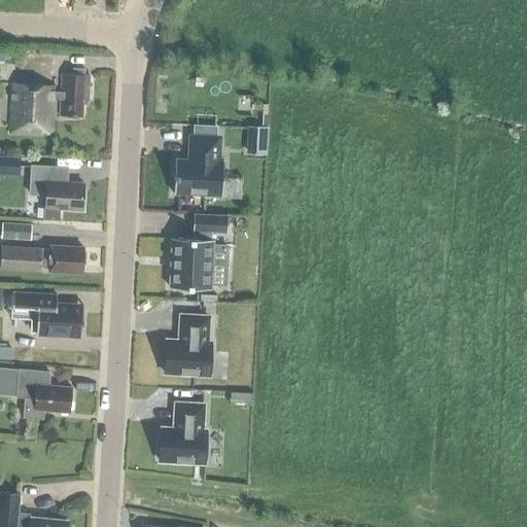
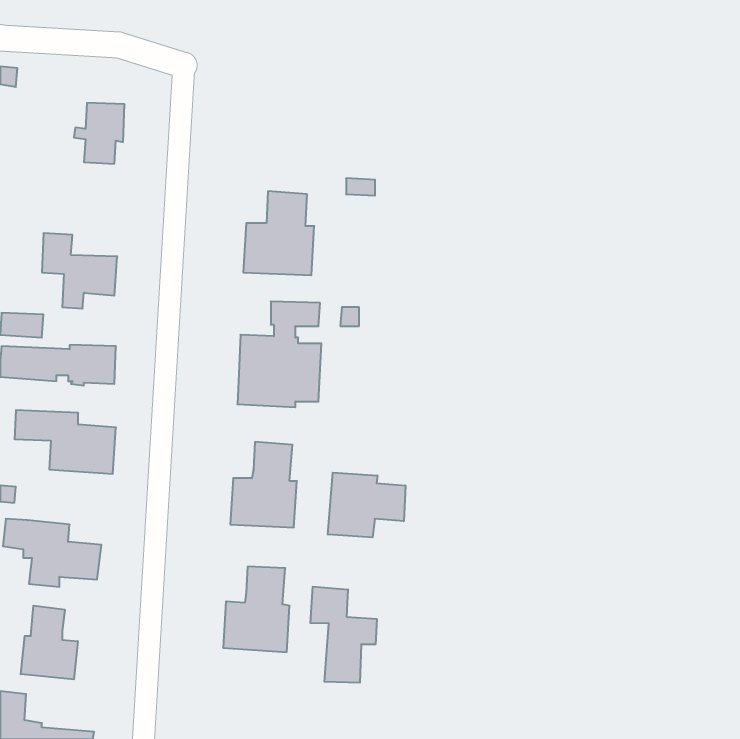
building: [9,81,54,135] -> none
building: none -> [328,473,405,537]
building: none -> [310,587,377,683]
building: none -> [21,606,78,679]

